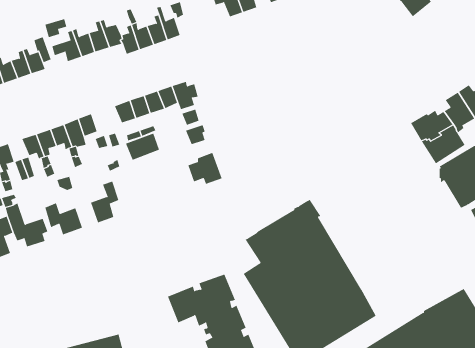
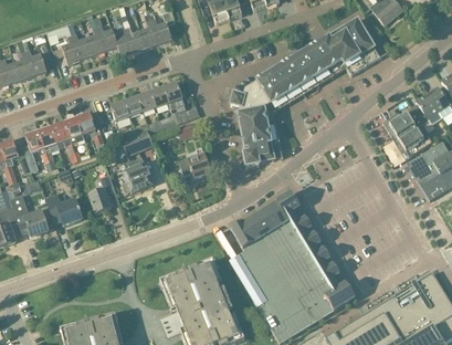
building: none -> [231,19,380,165]
building: none -> [122,156,154,191]

